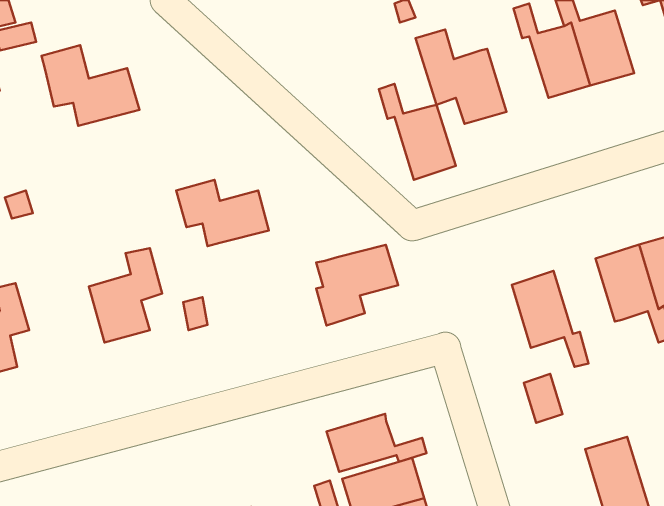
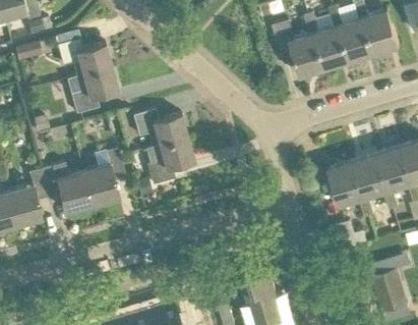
building: [379,84,456,180] -> [305,14,350,70]
building: none -> [66,69,118,115]
building: [316,245,398,325] -> [146,140,194,186]
building: none -> [353,156,399,212]
building: none -> [40,164,92,212]
building: [327,414,426,472] -> none

